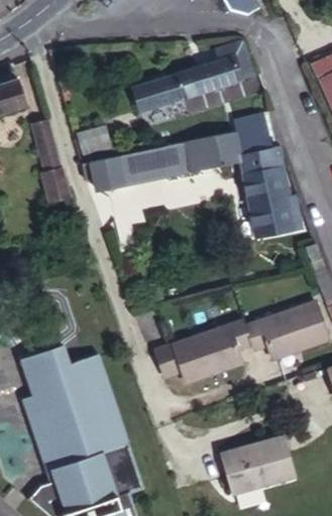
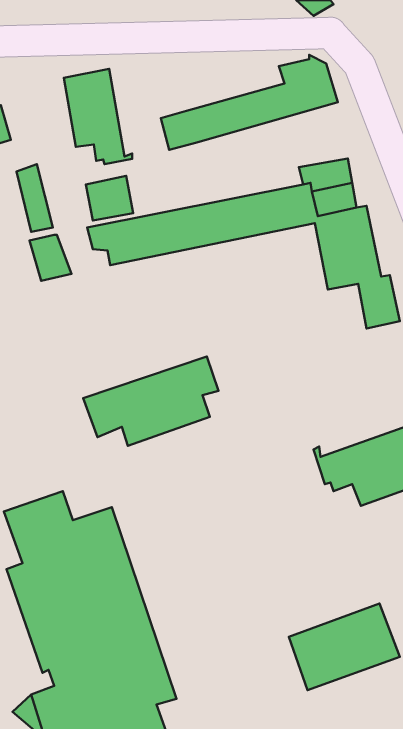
building: none -> [64,69,132,164]
building: [153,319,248,382] -> [83,356,218,446]

